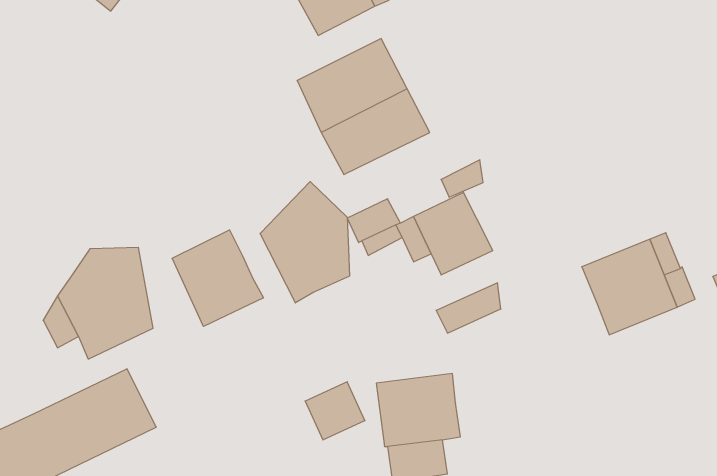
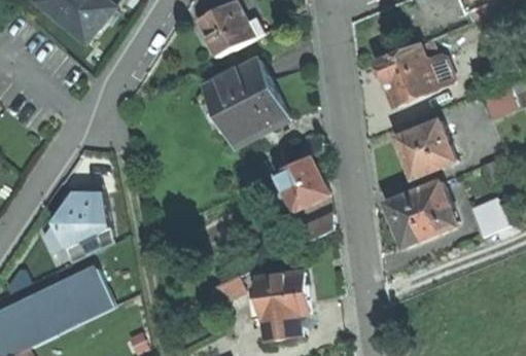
building: none -> [376,39,451,106]
building: none -> [395,119,455,177]
building: [260,182,350,303] -> none
building: [172,230,263,326] -> none

